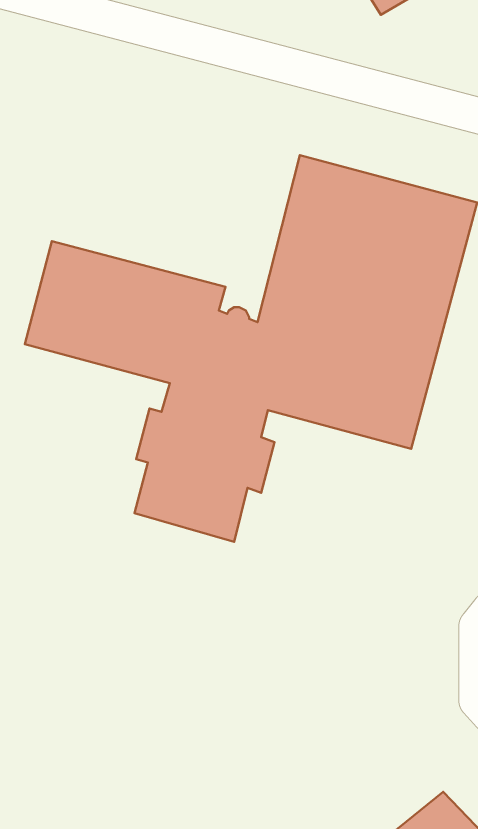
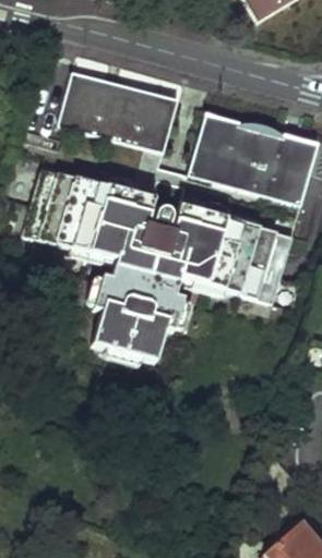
building: none -> [58,71,177,151]

